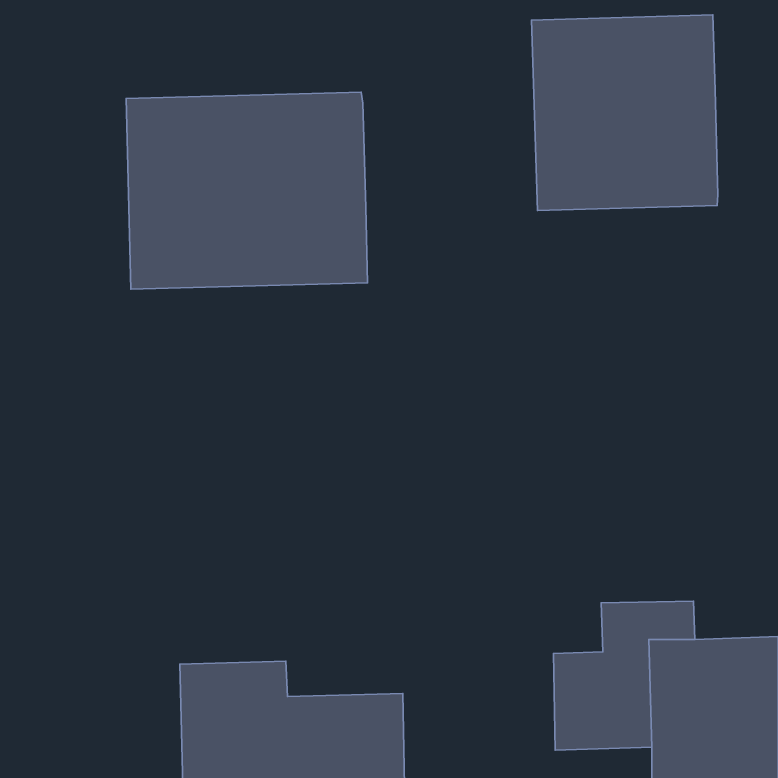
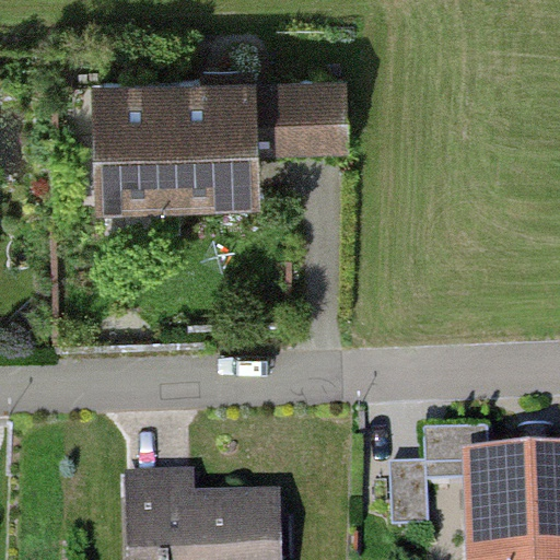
building: [532,15,718,211] -> none
building: none -> [258,75,352,153]

